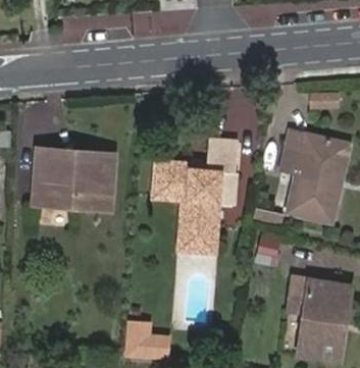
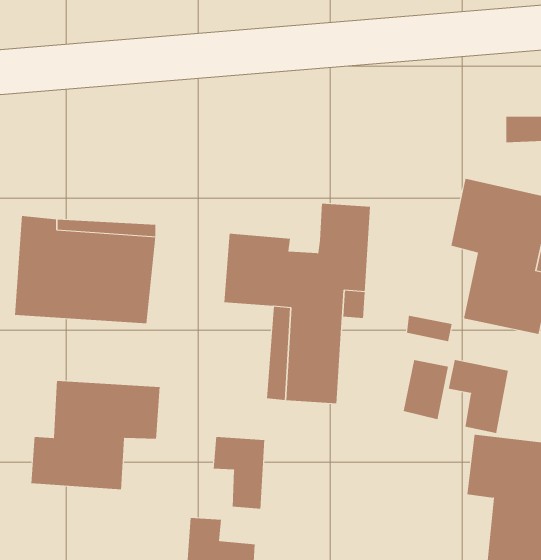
building: none -> [448,359,508,434]
building: none -> [31,380,160,490]
building: none -> [213,436,265,509]

